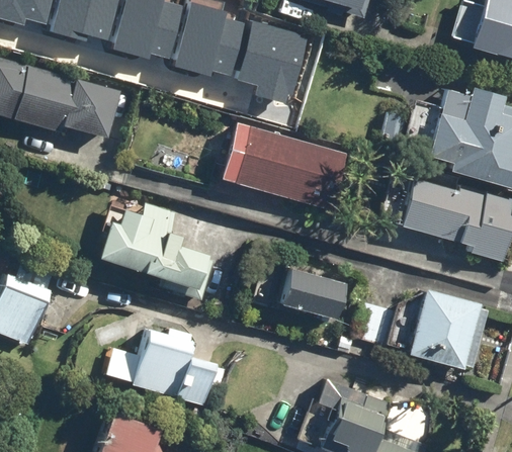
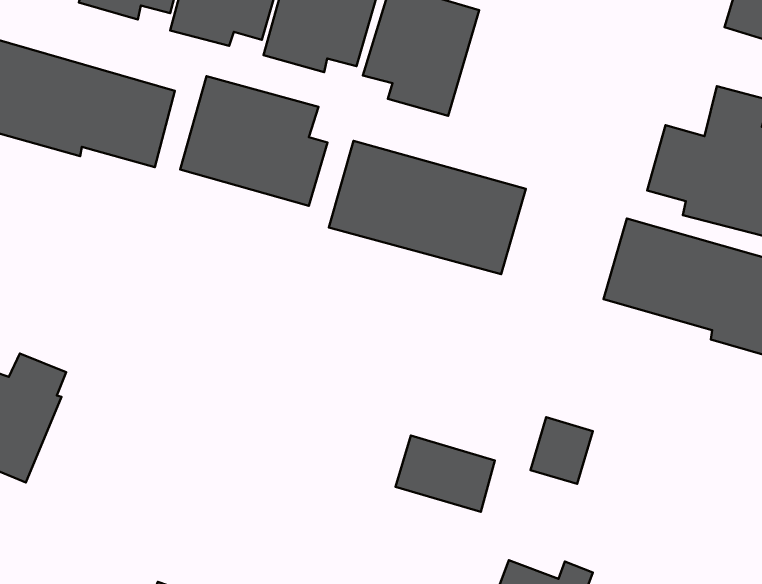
building: none -> [180,76,328,206]
building: [98,204,207,290] -> none
building: [280,268,345,318] -> [395,436,495,512]
building: [407,288,482,368] -> none
building: [125,327,216,406] -> none

